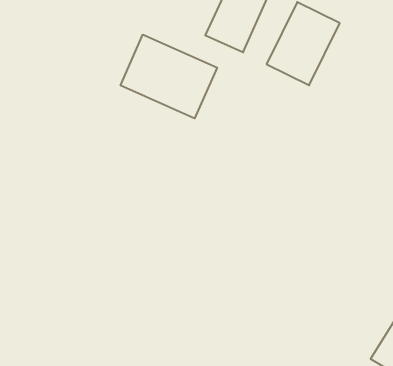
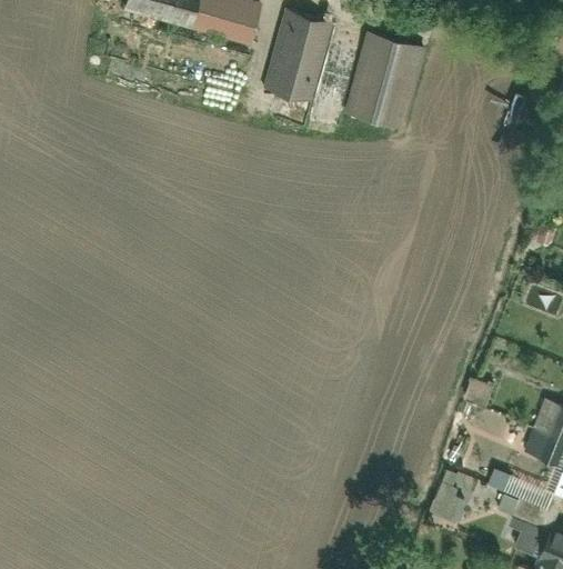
building: [121,35,217,118] -> none

